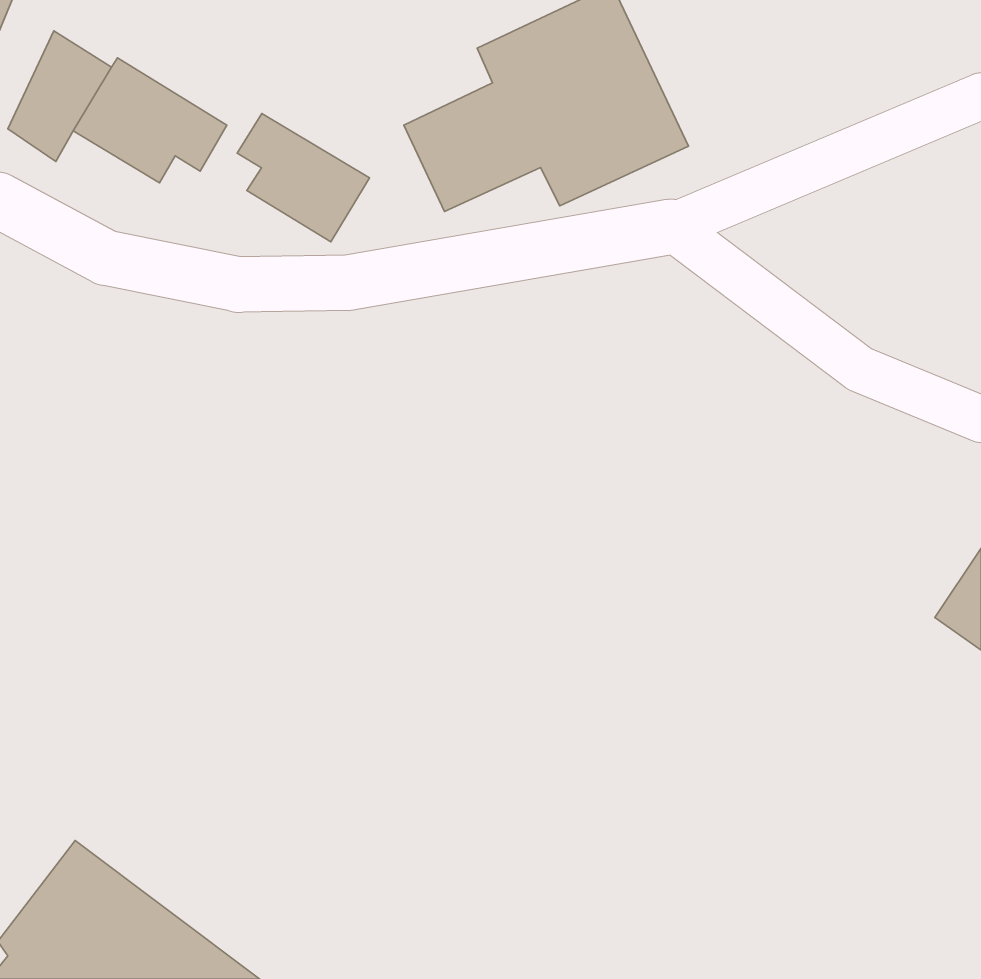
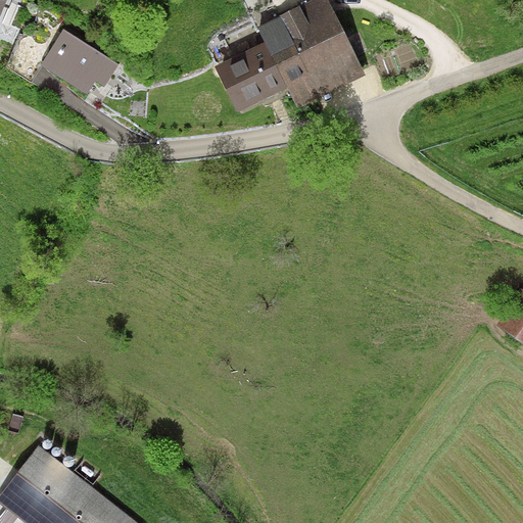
building: [237,114,370,242] -> none

